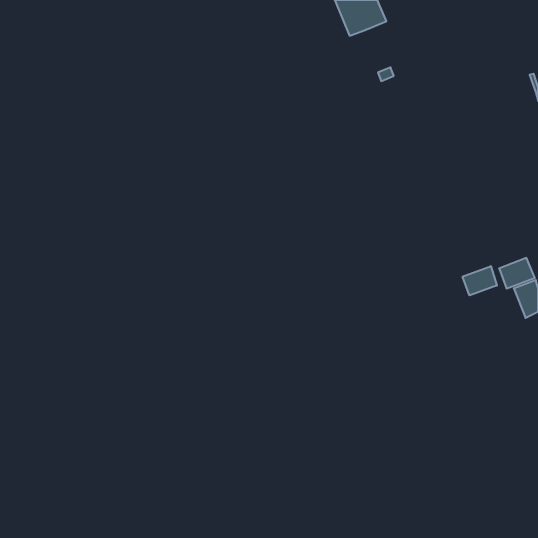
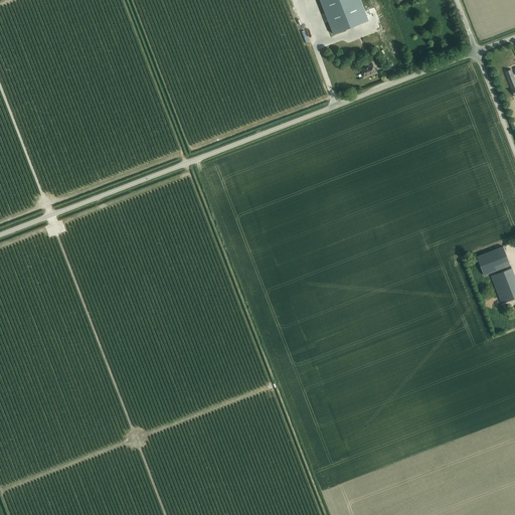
building: [463,266,497,295] -> none

